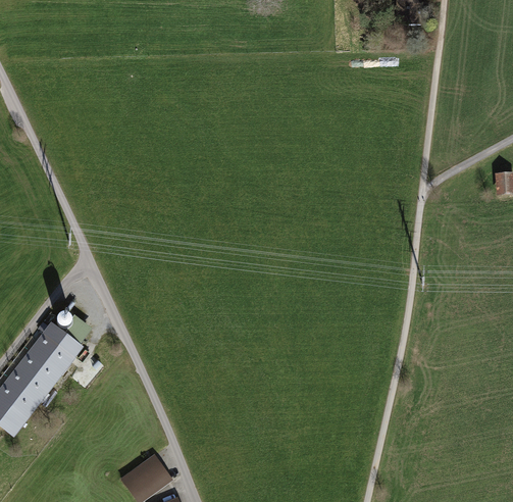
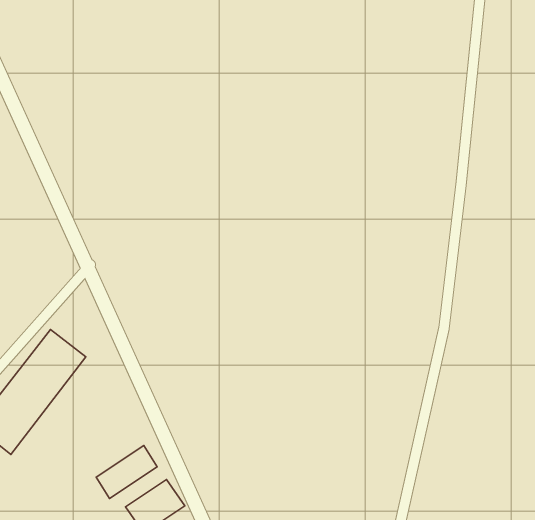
building: none -> [96,445,157,498]

